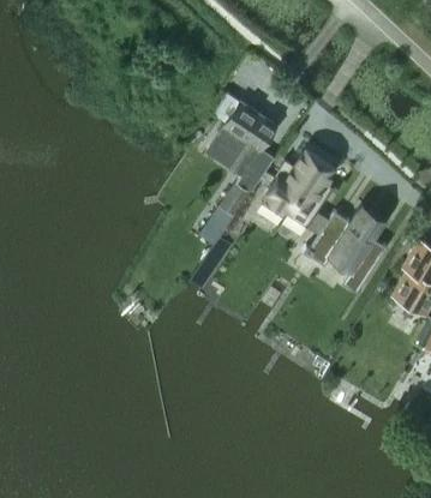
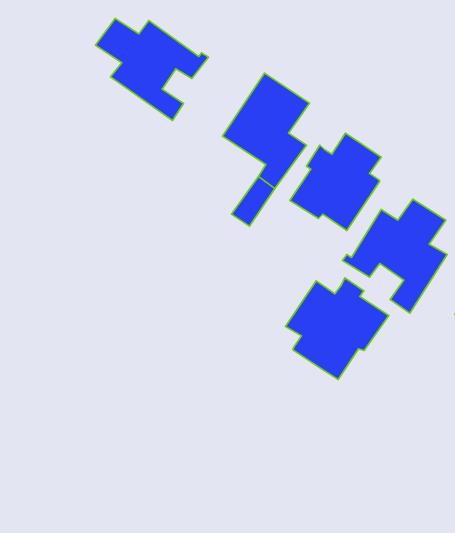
building: none -> [95,18,208,120]
building: none -> [285,278,389,380]

